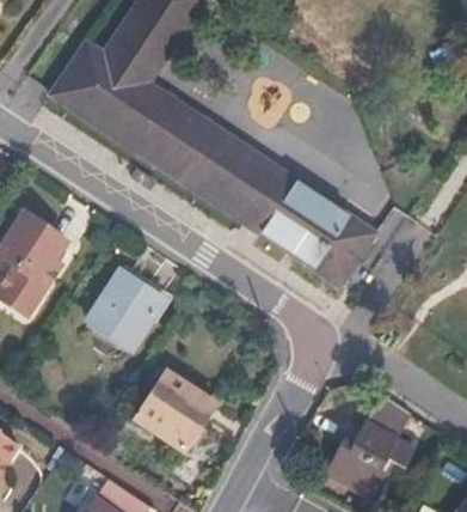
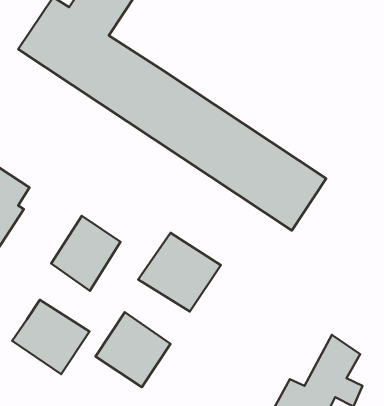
building: none -> [138,233,221,311]
building: none -> [12,300,90,374]

